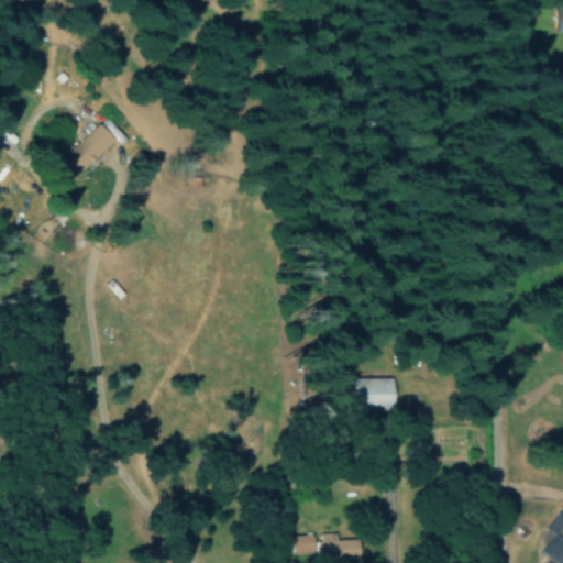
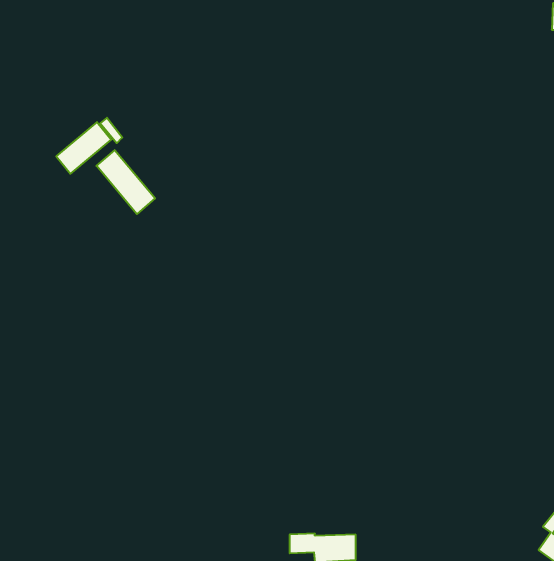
building: none -> [96,150,155,214]
building: [357,377,396,409] -> none

